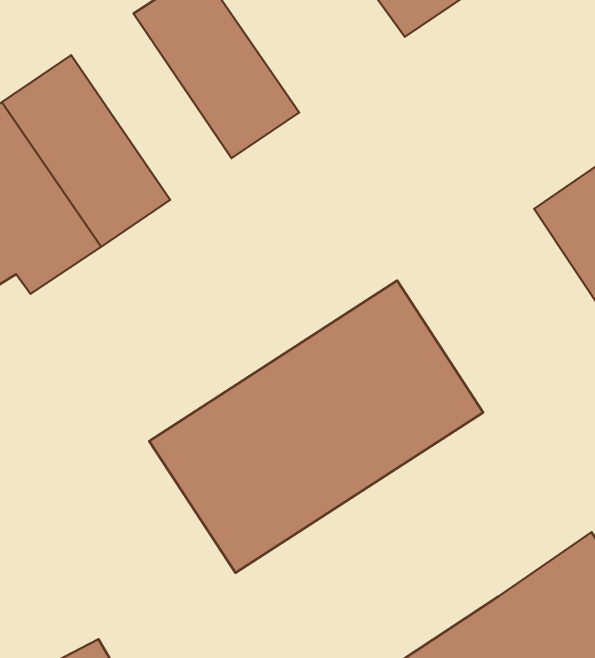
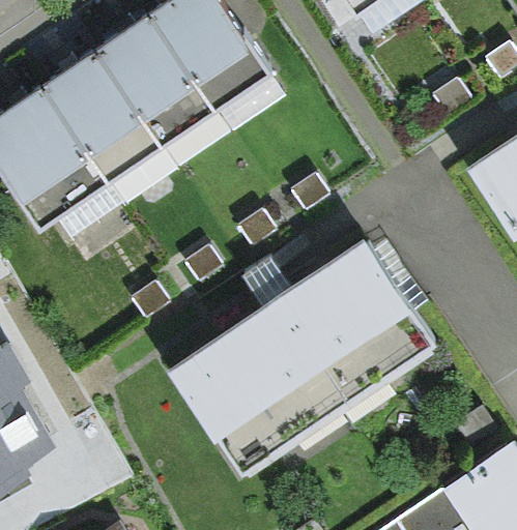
building: none -> [97,17,225,165]

